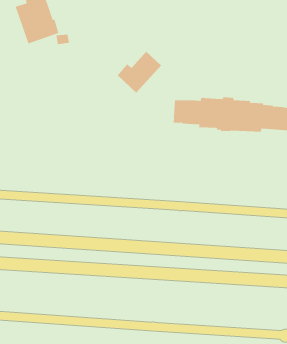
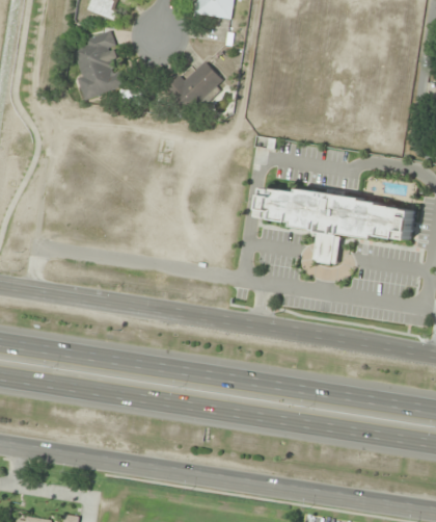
building: [117,51,162,93] -> [164,61,223,115]
building: none -> [312,234,340,265]

